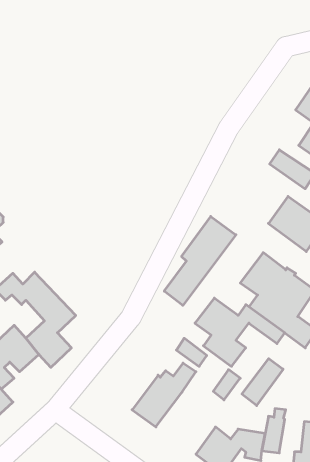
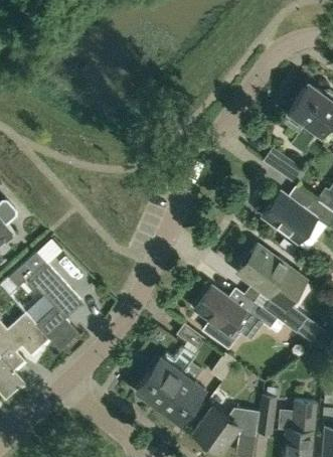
building: [164,216,236,305] -> none
building: [242,359,283,406] -> none
building: none -> [157,374,202,423]

